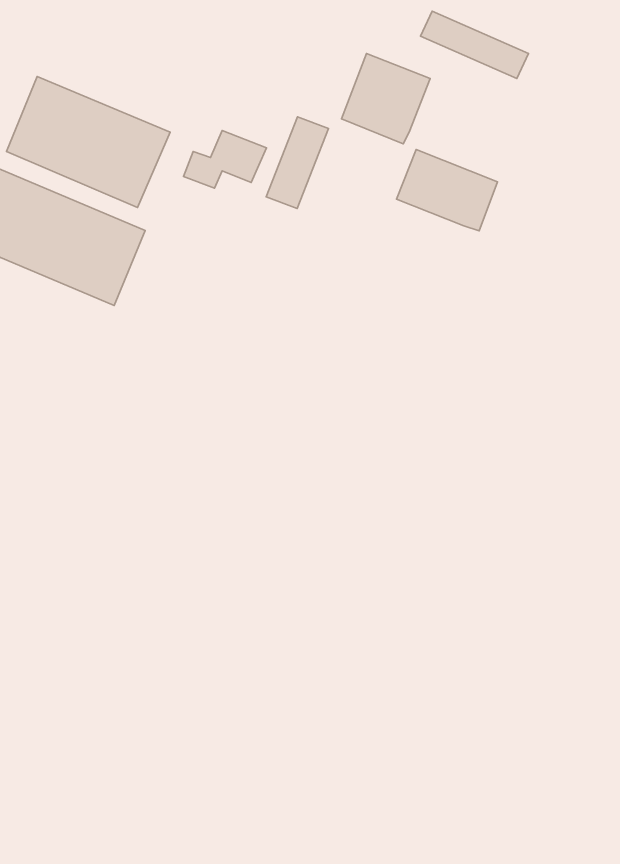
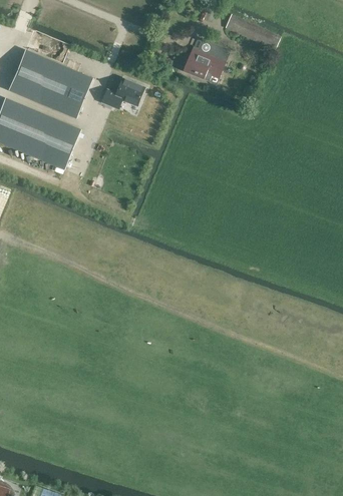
building: [266,117,329,208] -> none
building: [396,149,497,231] -> none

